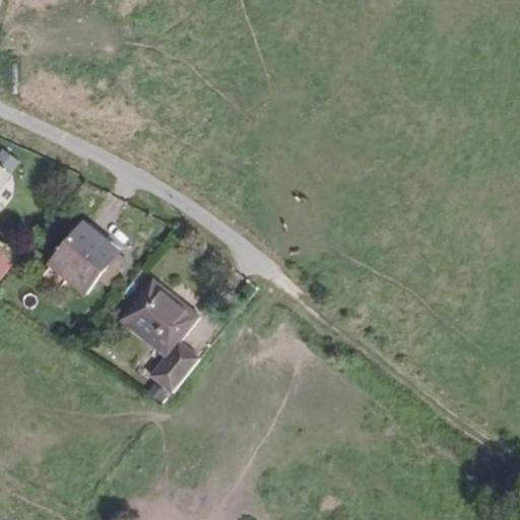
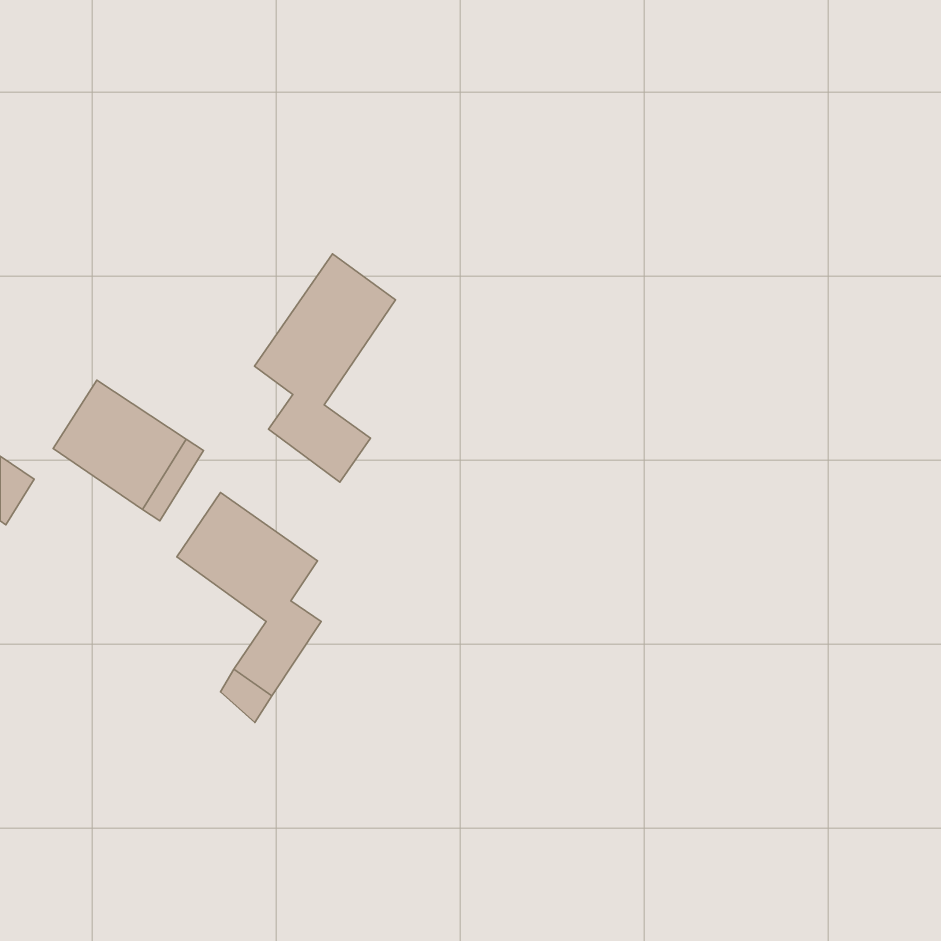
building: none -> [255,254,395,482]

